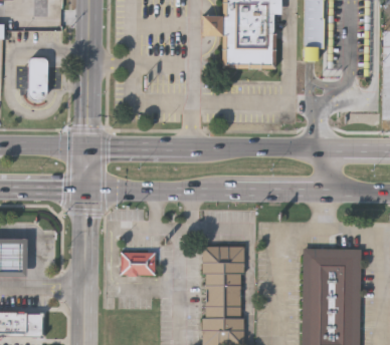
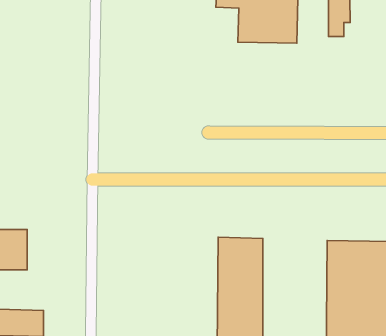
building: [27,59,46,104] -> none
building: [123,252,156,276] -> none

